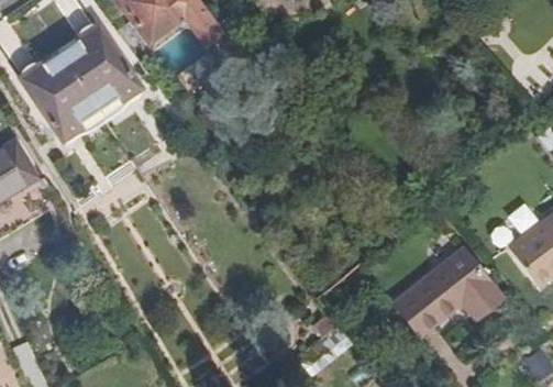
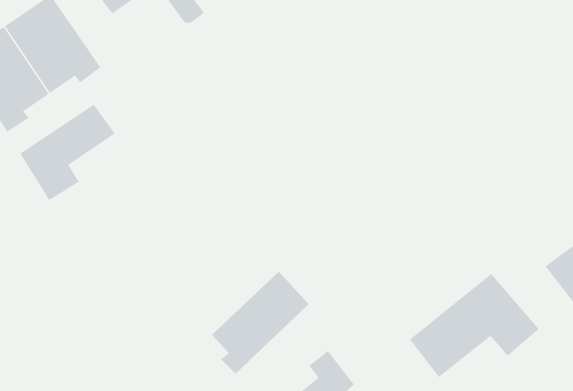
building: none -> [19,104,115,201]
building: none -> [211,271,310,375]

